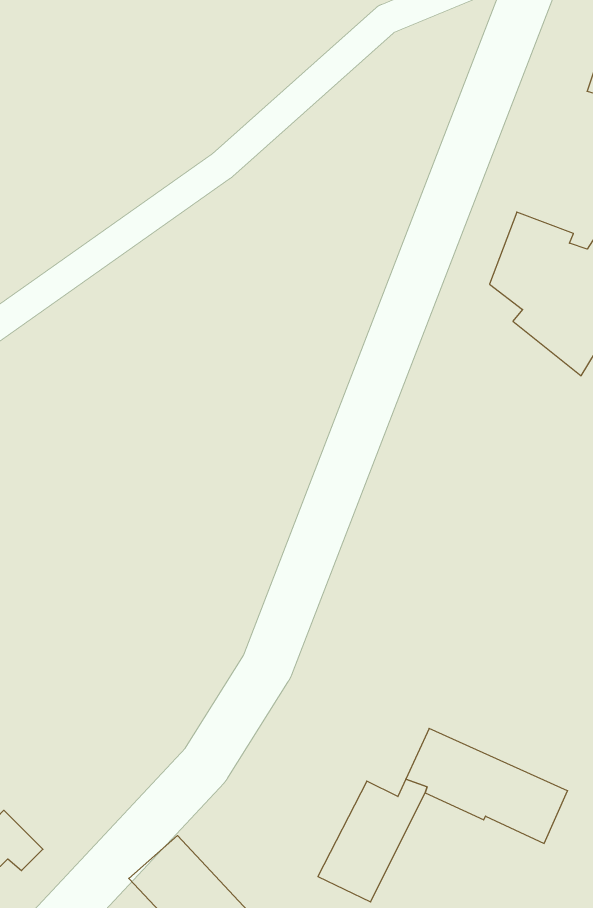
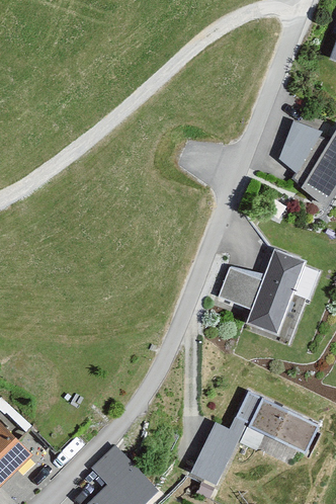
building: none -> [219,250,307,335]

